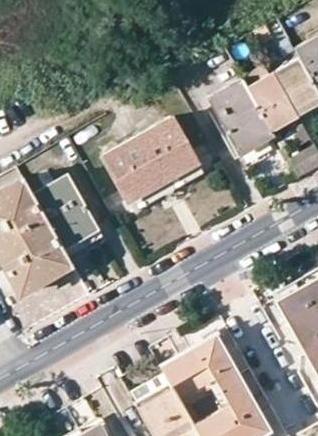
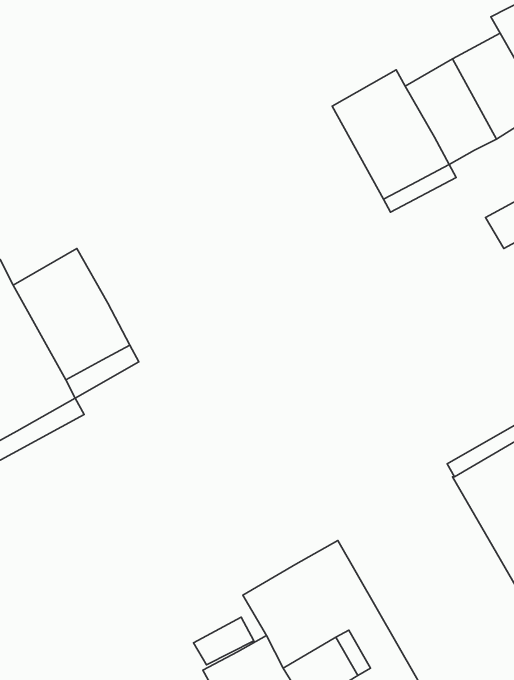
building: [105,118,199,200] -> none

